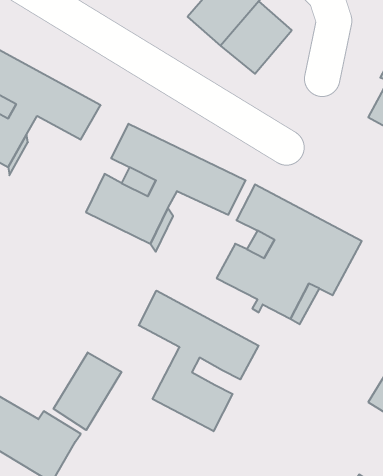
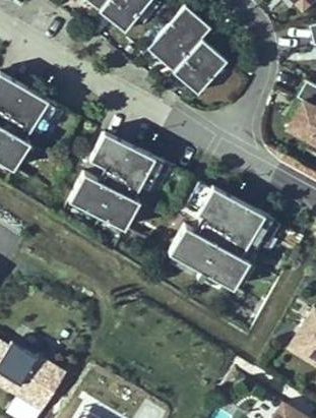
building: [139,291,259,431] -> none
building: [54,352,121,430] -> none

